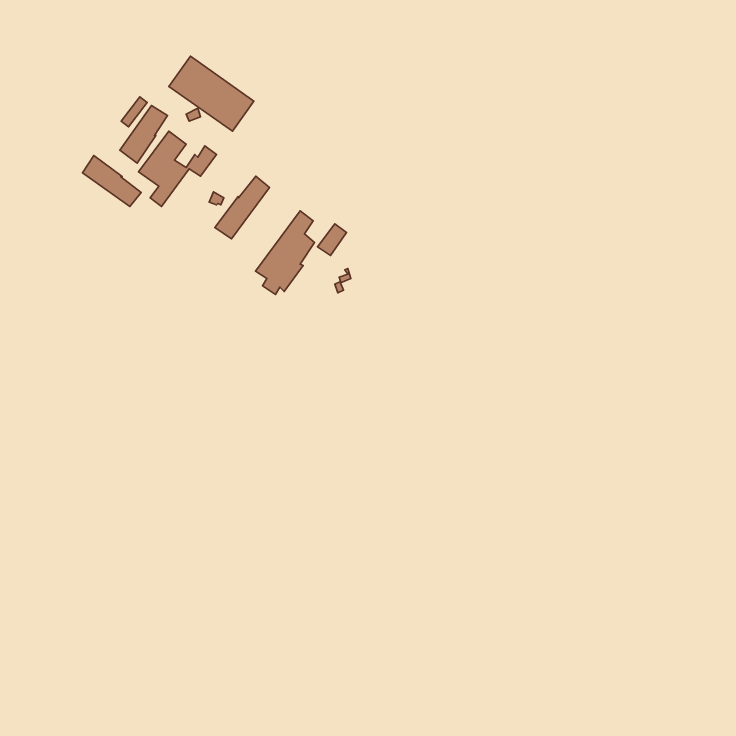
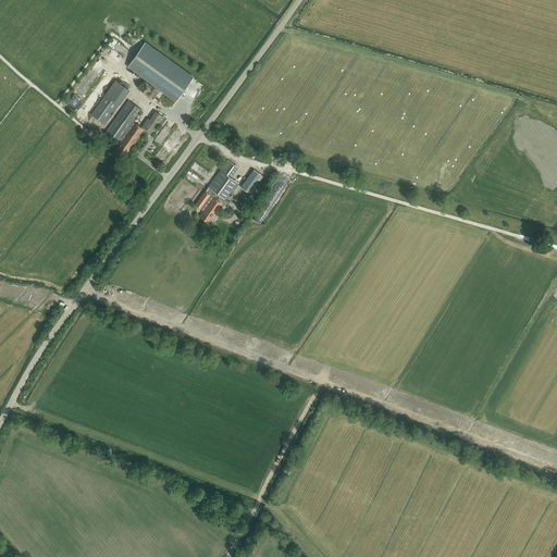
building: [82,156,141,207] -> none
building: [215,176,270,239] -> none

